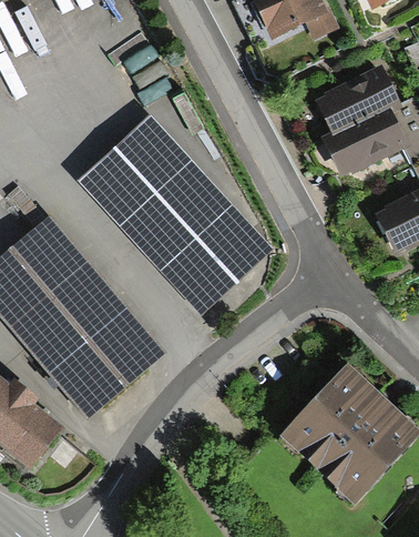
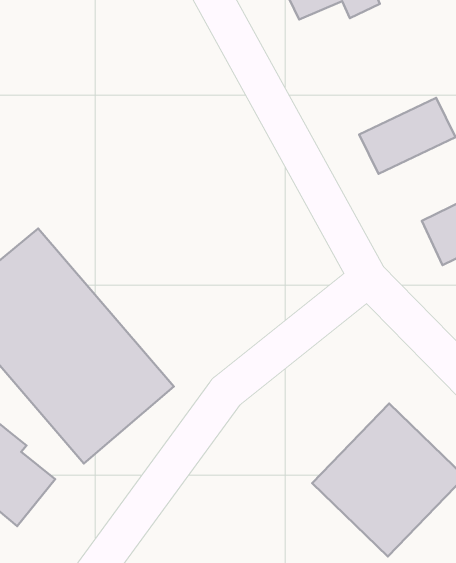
building: [315,65,396,133] -> none
building: [83,118,263,302] -> none

